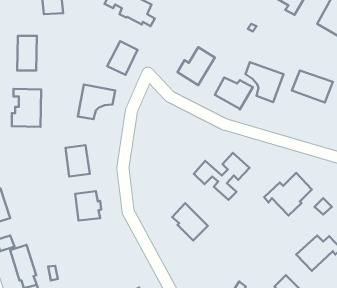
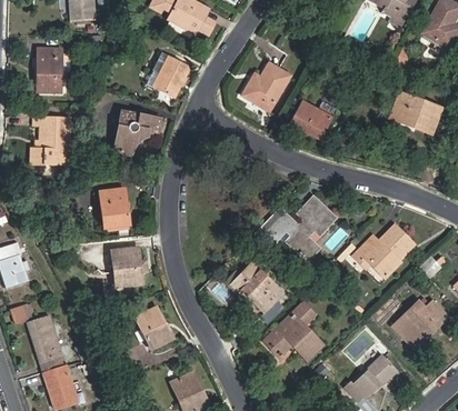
building: [246,62,283,102] -> none
building: none -> [266,304,319,357]
building: none -> [135,307,175,349]

